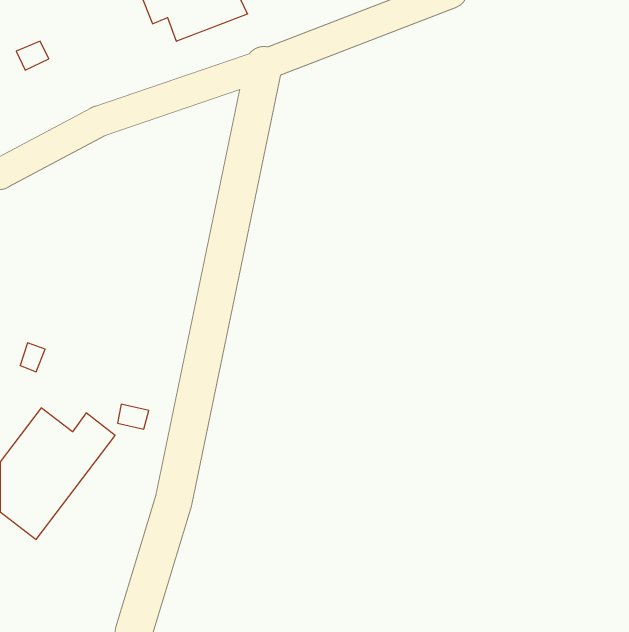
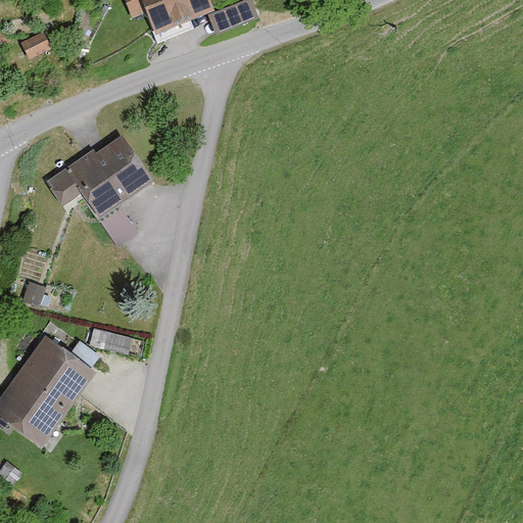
building: none -> [49,138,150,220]

